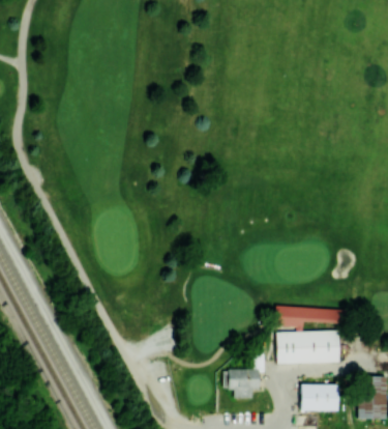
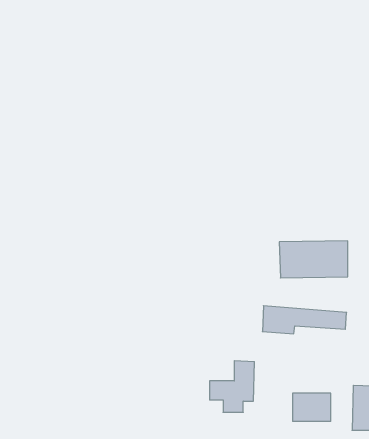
building: [276,332,339,366] -> [279,241,348,278]

